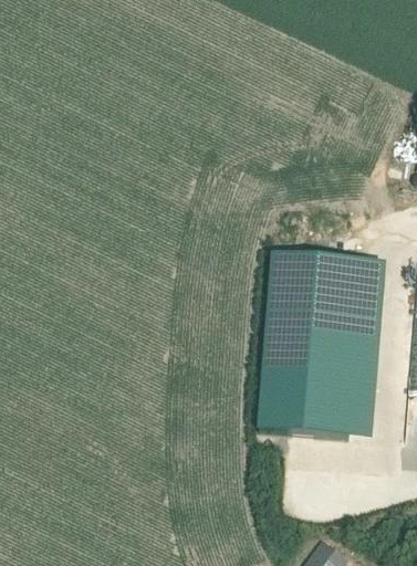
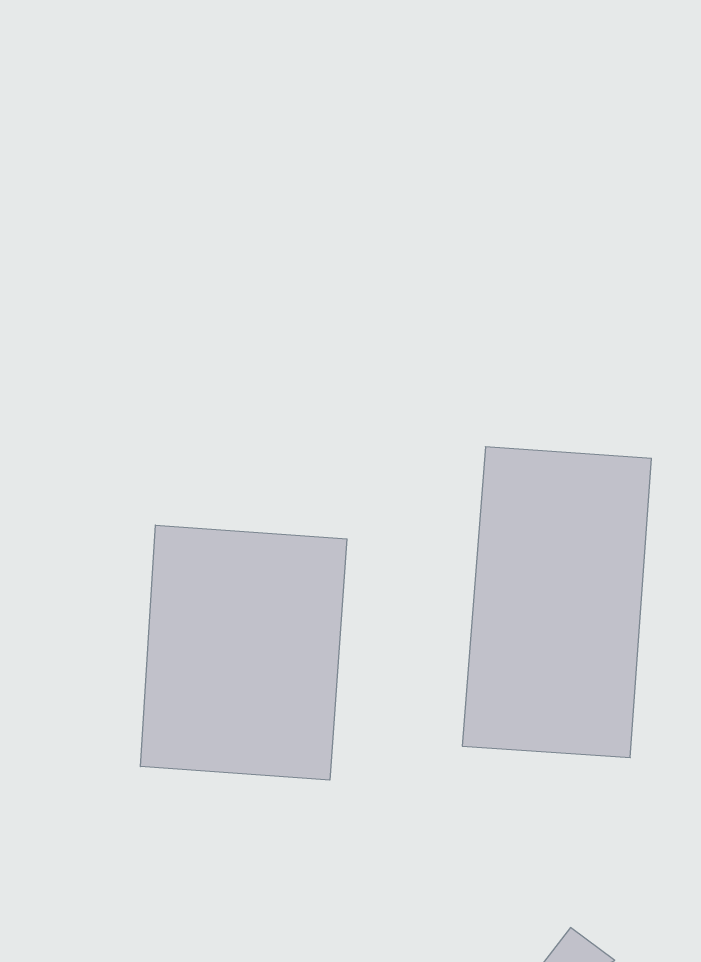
building: none -> [140,525,347,780]

